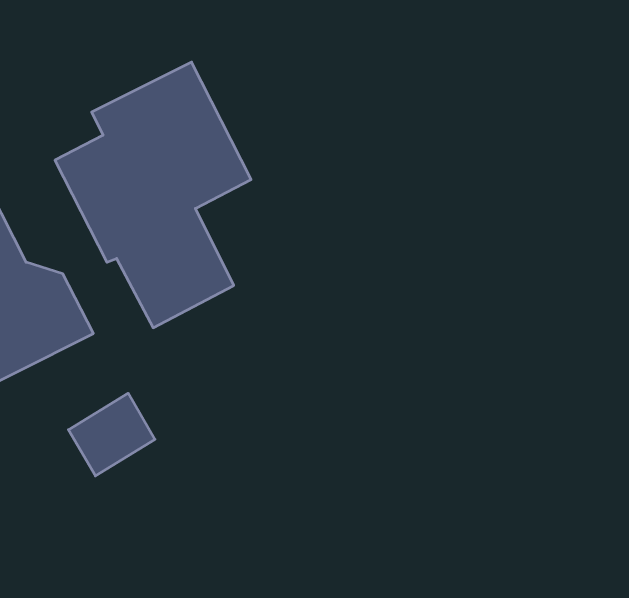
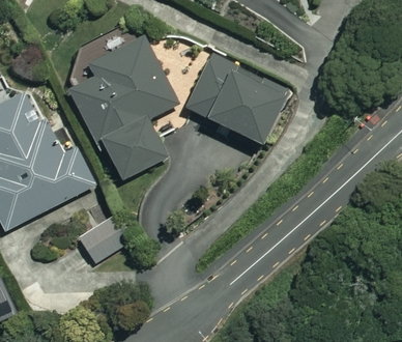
building: none -> [185,53,288,144]

